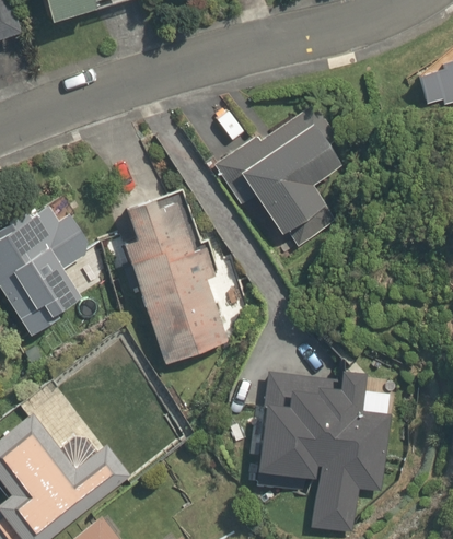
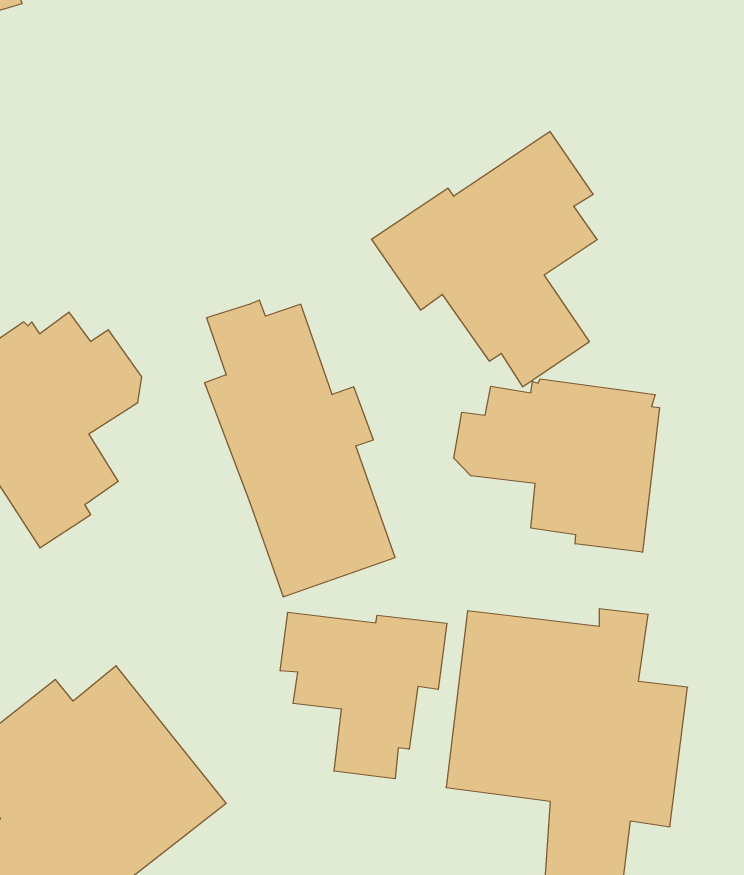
building: none -> [454,379,659,552]
building: none -> [280,612,447,779]

